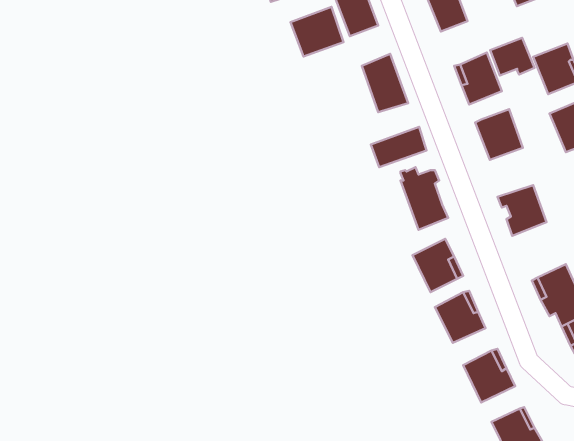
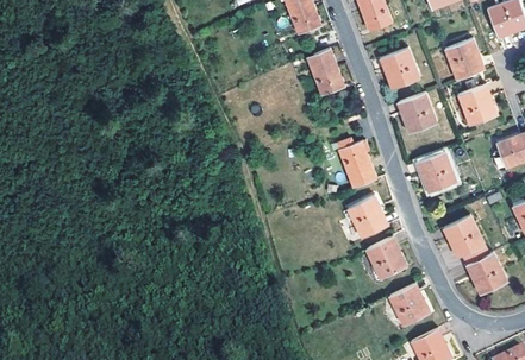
building: [290,7,344,57] -> none
building: [490,38,535,75] -> none
building: [371,127,426,167] -> none

